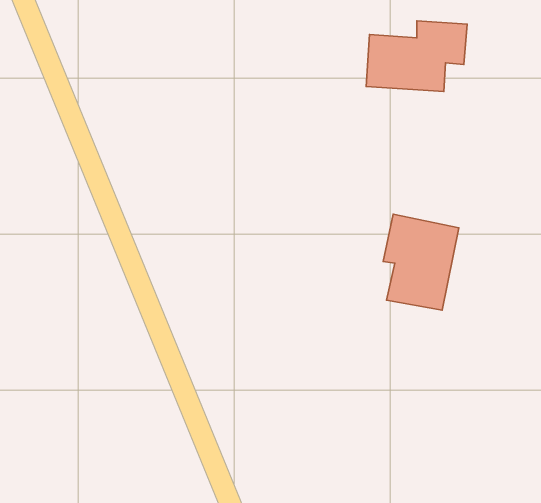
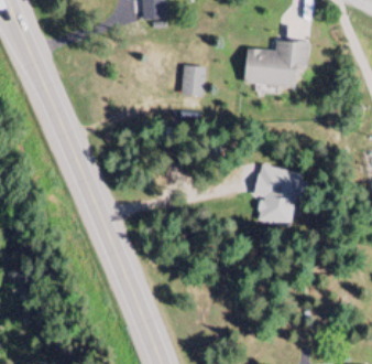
building: none -> [182,64,206,96]

